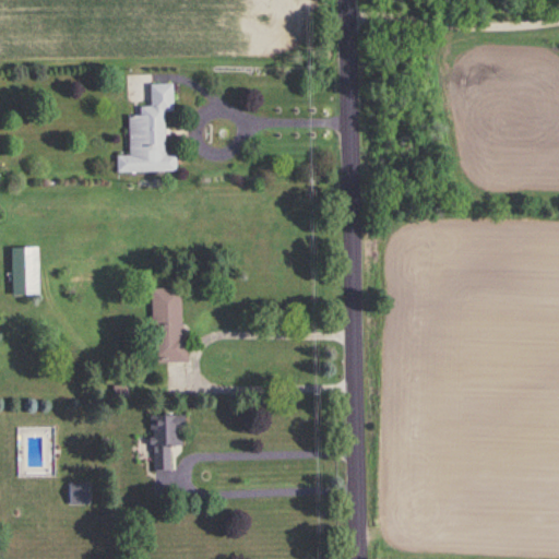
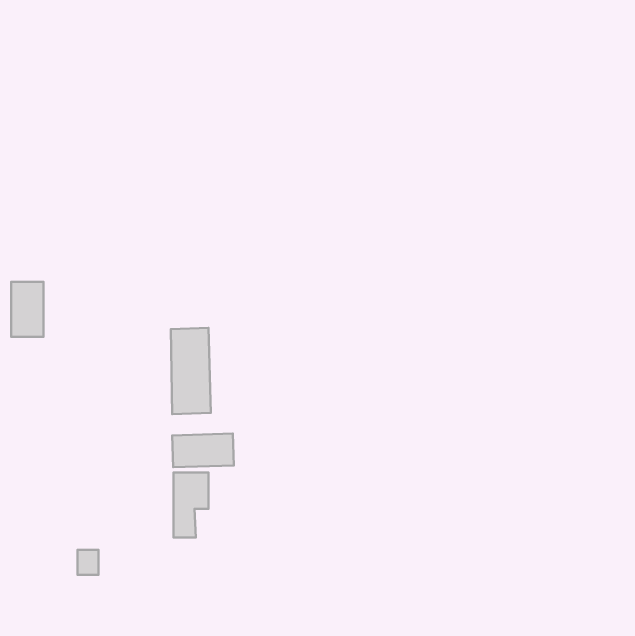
building: [117,83,178,173] -> none
building: none -> [172,434,234,467]

